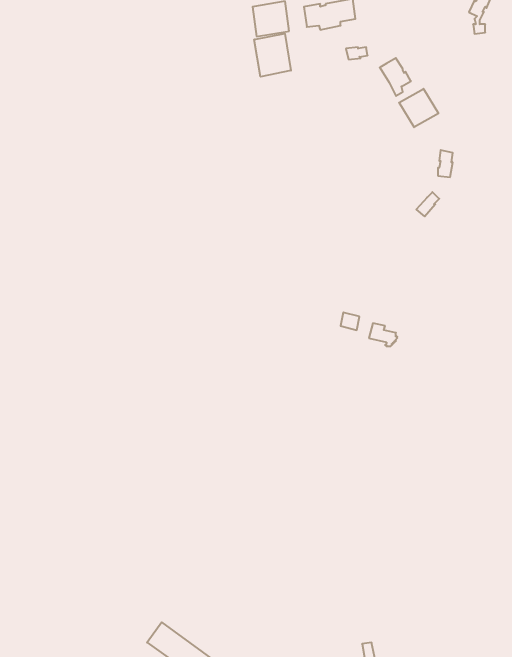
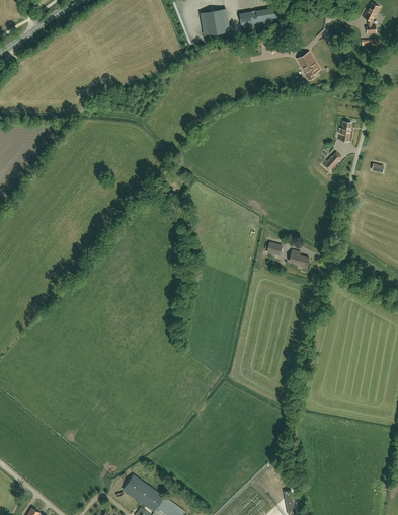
building: [254,33,291,77] -> none
building: [399,89,438,127] -> none

